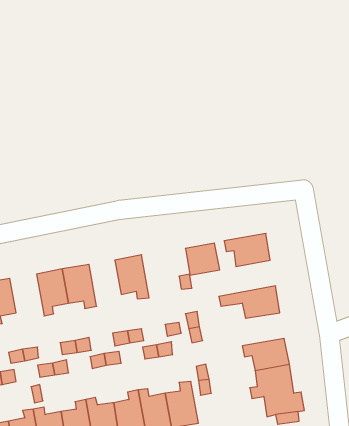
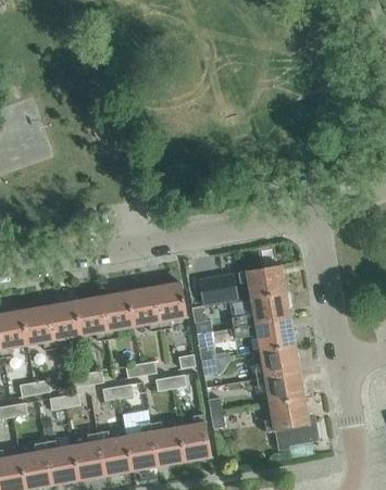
building: none -> [154,281,187,329]
building: none -> [101,291,134,338]
building: none -> [231,291,290,328]
building: none -> [21,305,55,350]
building: none -> [254,344,299,378]

